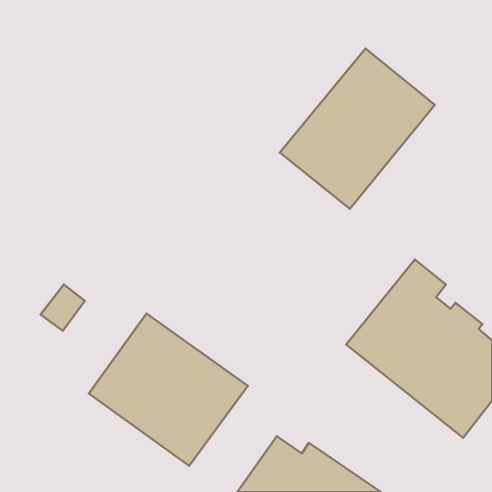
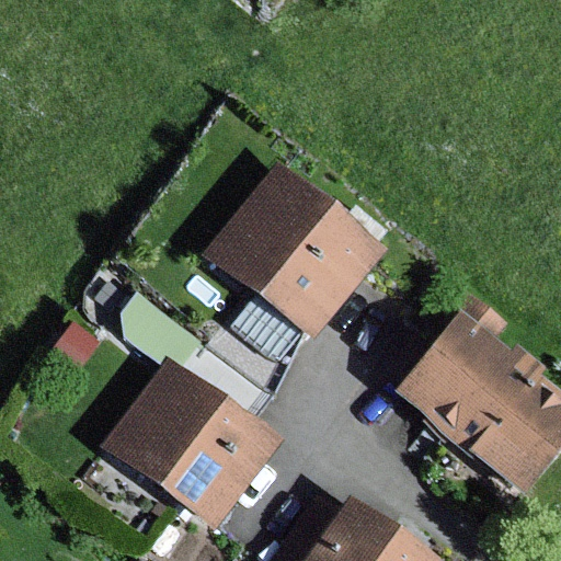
building: [280,48,435,209] -> none
building: none -> [206,161,389,341]

